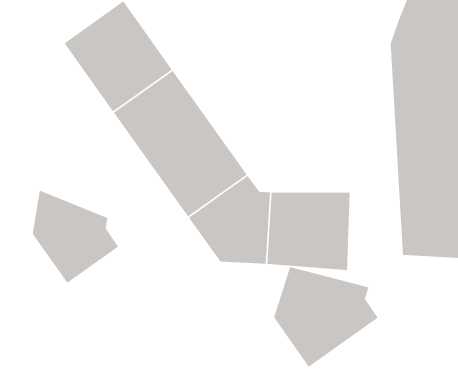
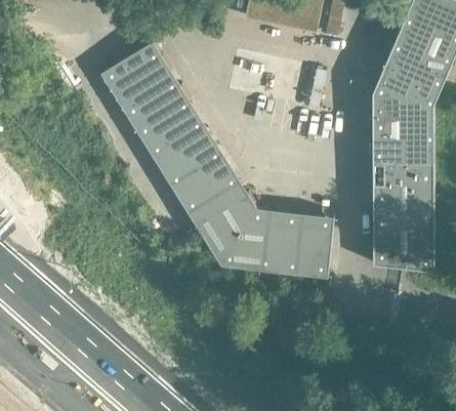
building: [32,189,119,284] -> none
building: [273,266,379,368] -> none

